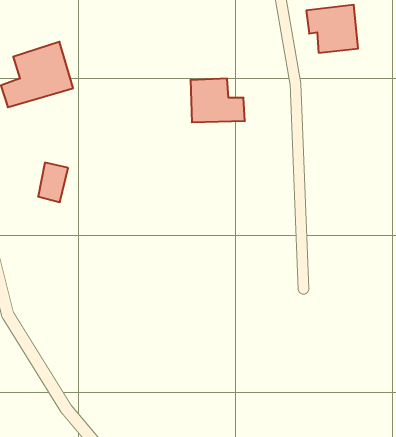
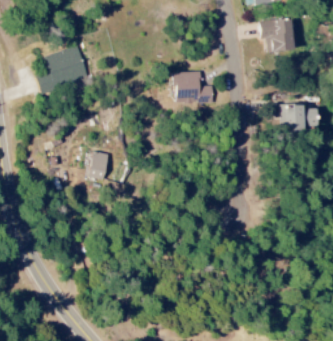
building: none -> [279,103,316,127]
building: [38,163,68,202] -> [88,150,110,179]

